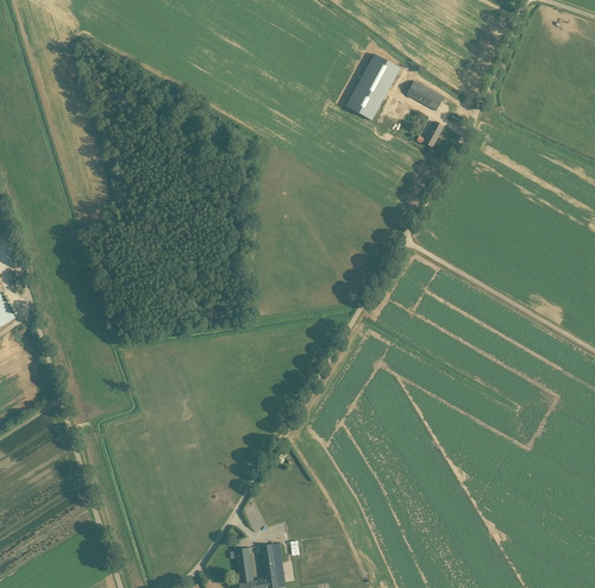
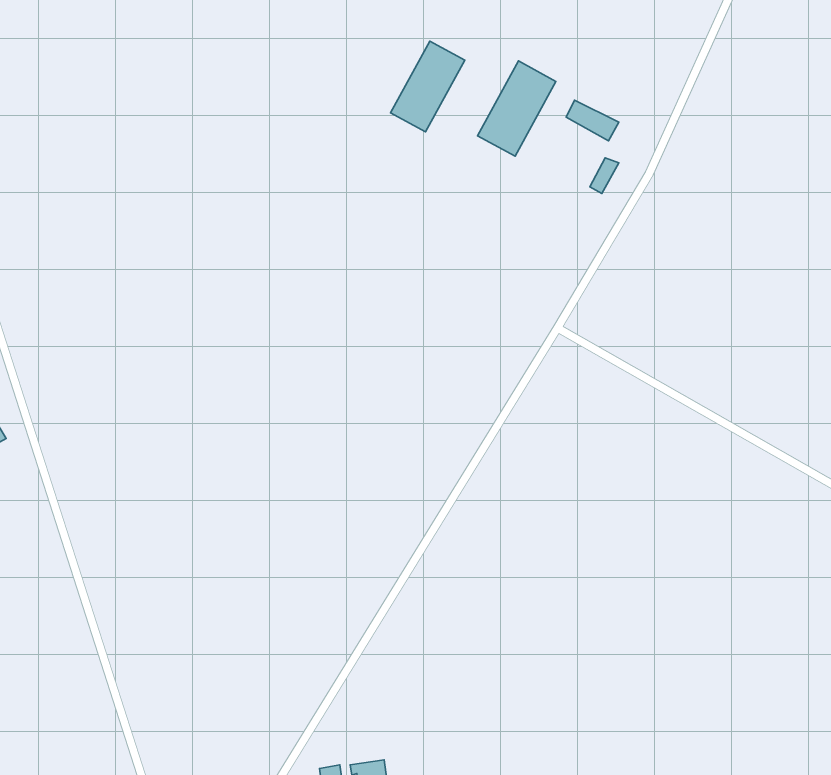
building: none -> [390,41,465,132]

